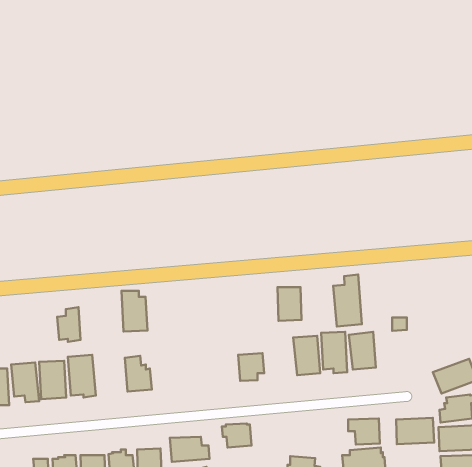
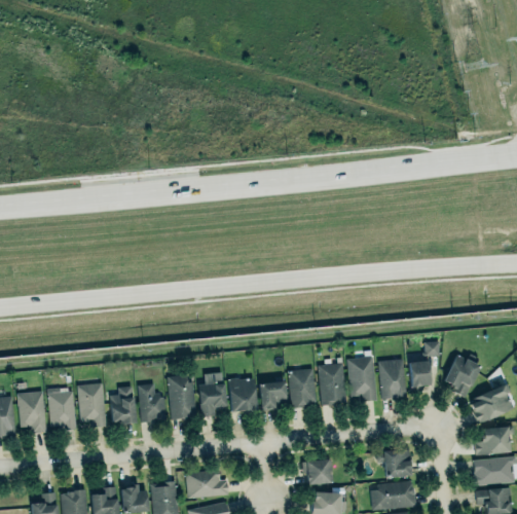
building: [333,275,362,327] -> none
building: [278,287,302,321] -> [289,370,315,406]
building: [121,291,147,331] -> [168,376,195,419]
building: [57,307,80,342] -> [110,386,135,423]
building: none -> [444,354,480,397]
building: none -> [408,359,430,386]
building: none -> [198,373,224,416]
building: none -> [228,377,257,412]
building: [396,418,434,444] -> none
building: [222,424,252,448] -> [301,458,333,484]

